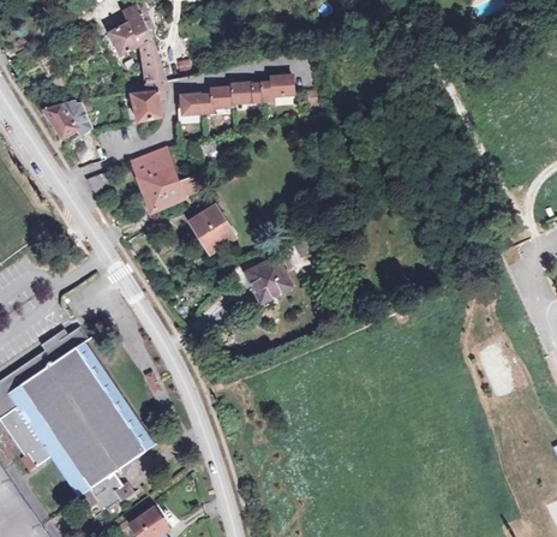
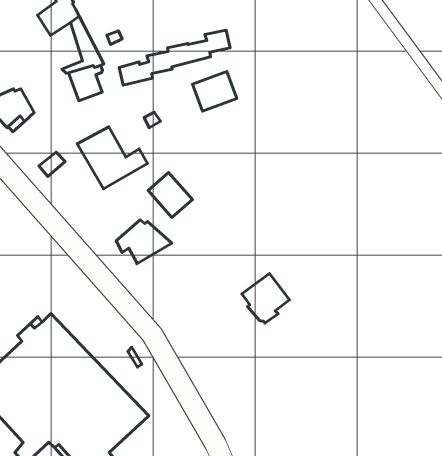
building: none -> [192,72,237,111]
building: none -> [116,220,172,264]
building: [245,256,291,304] -> [242,274,290,323]

